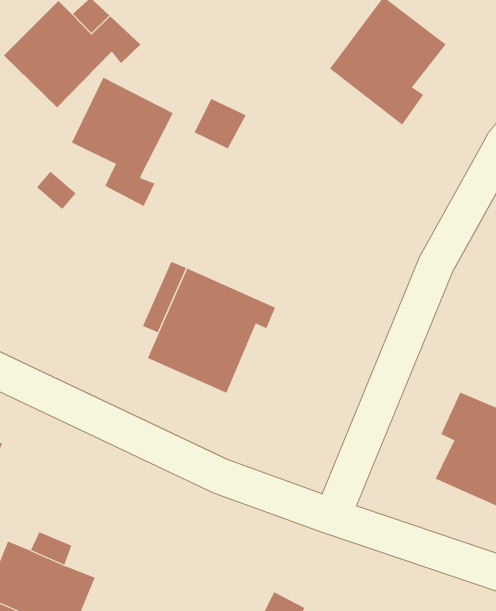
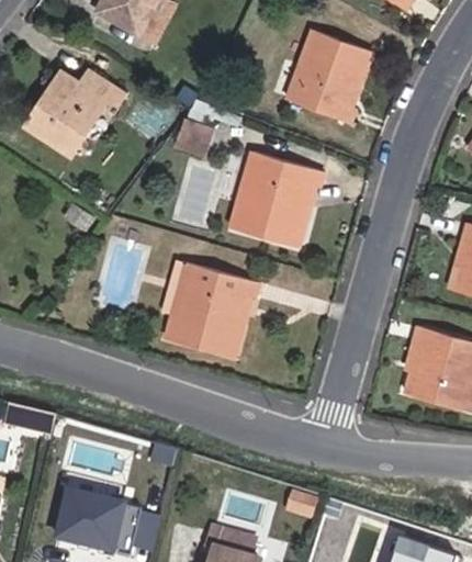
building: [71,77,173,207] -> none
building: none -> [226,154,319,244]

